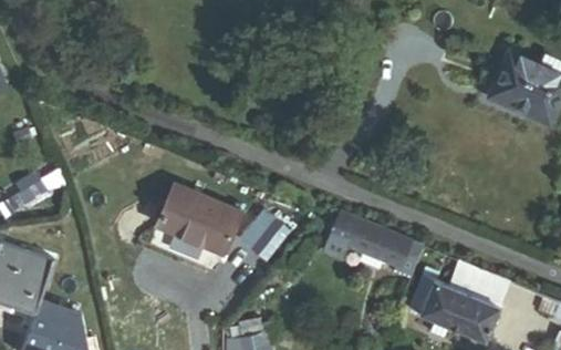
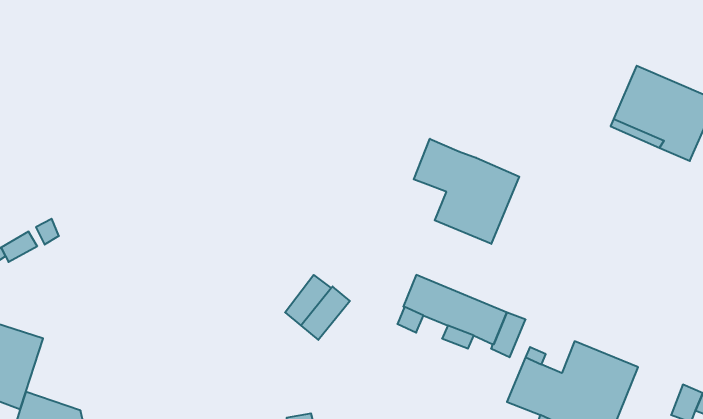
building: none -> [414,139,519,244]
building: [157,185,240,254] -> none

